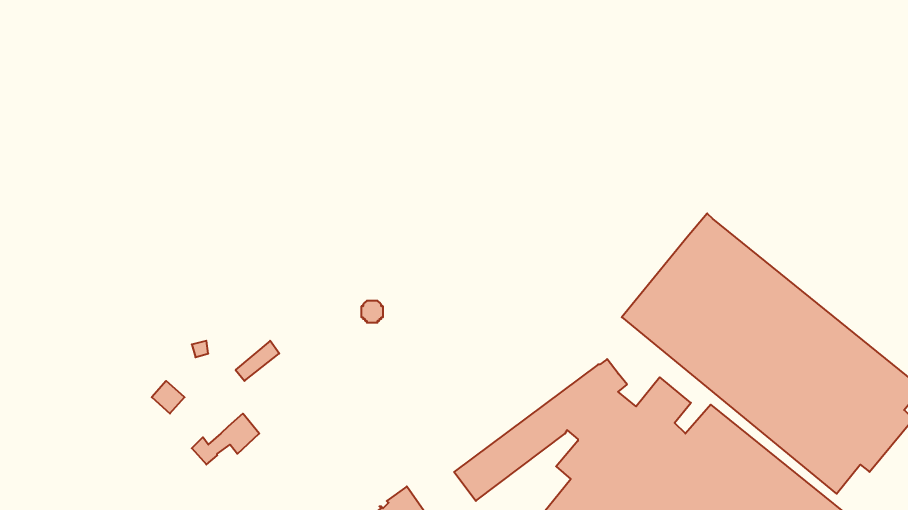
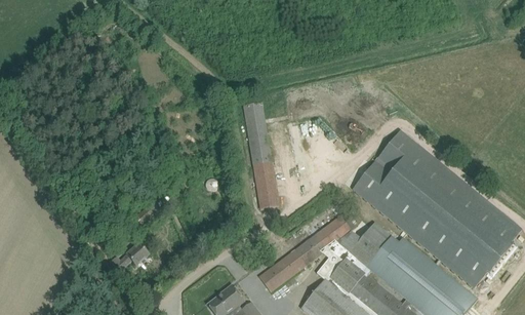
building: none -> [243,102,278,207]

